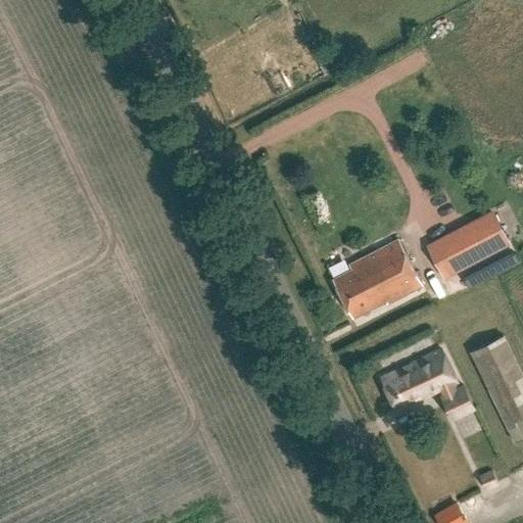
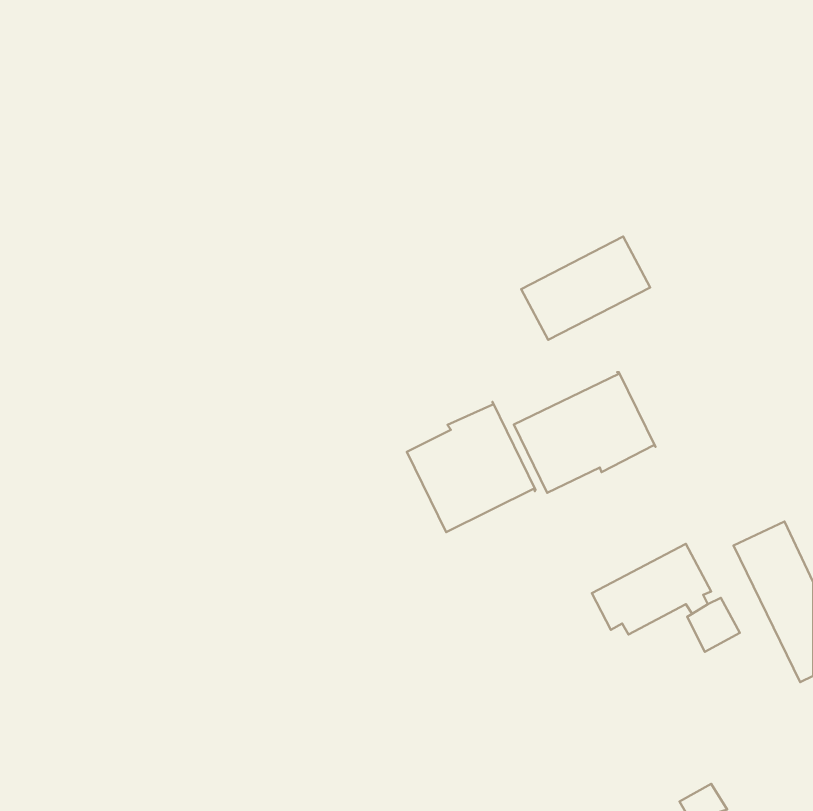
building: [427,212,510,279] -> [521,237,650,340]
building: none -> [407,402,535,532]

